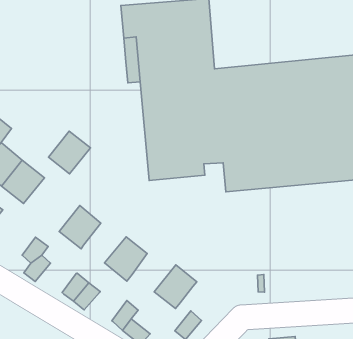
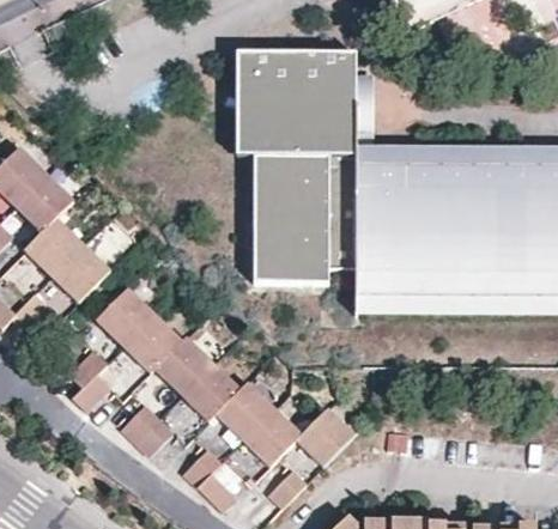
building: [49,131,90,174] -> [98,288,156,346]
building: none -> [156,335,214,394]
building: none -> [218,379,278,439]
building: none -> [298,405,357,463]

